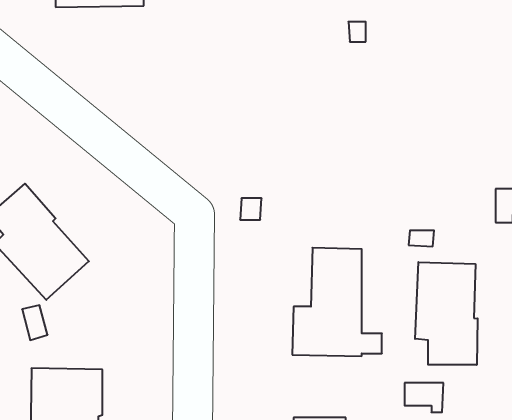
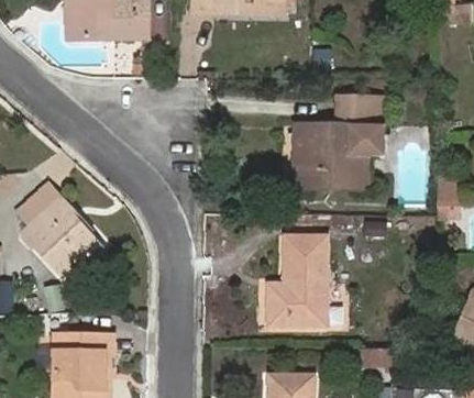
building: none -> [295,95,384,188]
building: [415,262,478,365] -> none

